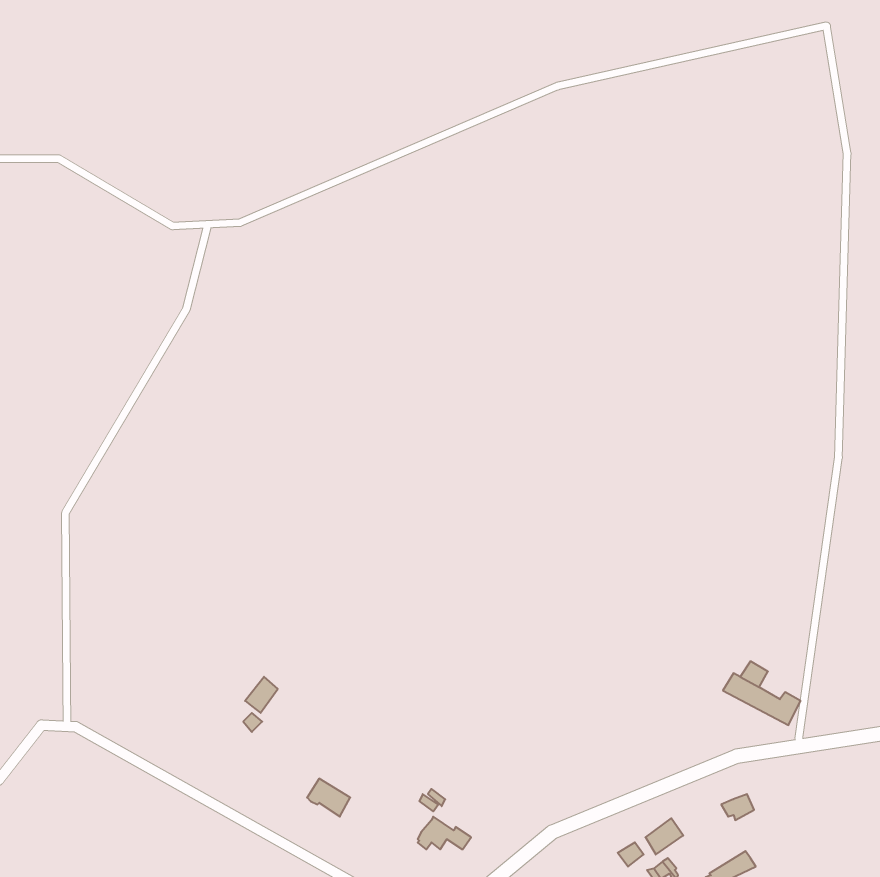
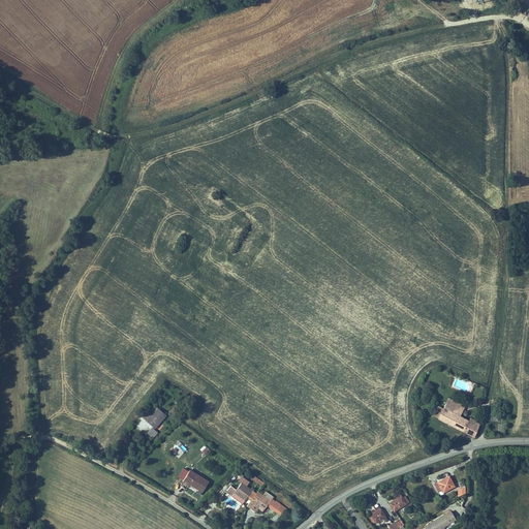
building: none -> [226,475,258,502]

